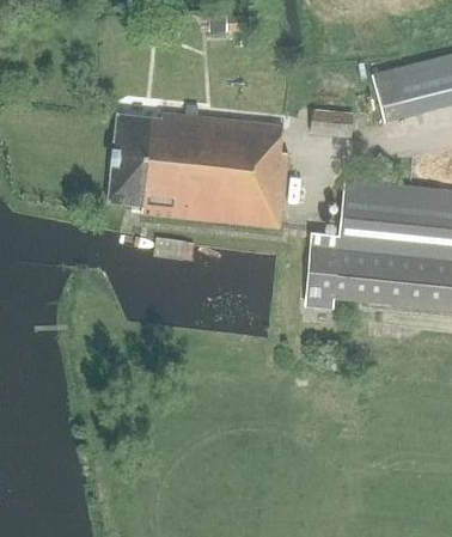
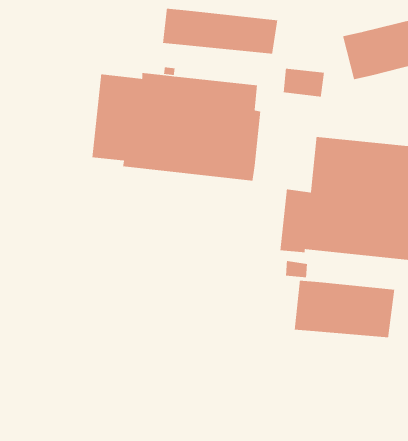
building: none -> [162,8,278,55]
building: none -> [294,280,395,338]

